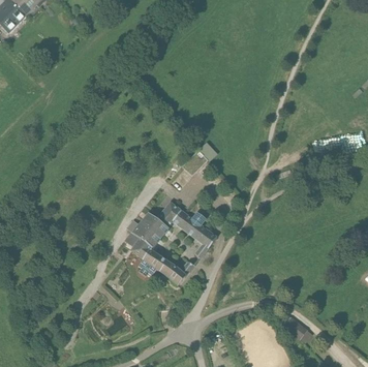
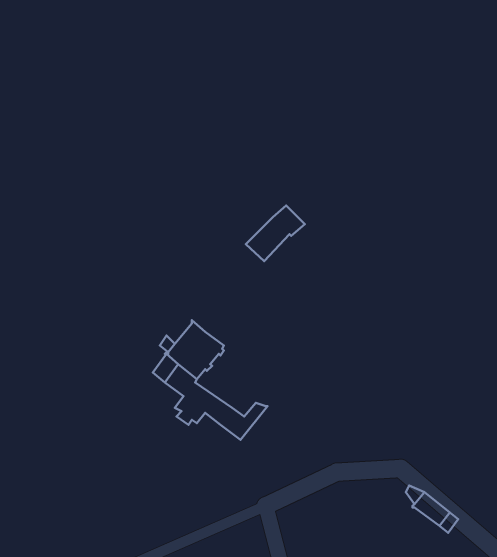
building: [156,201,216,259] -> none

